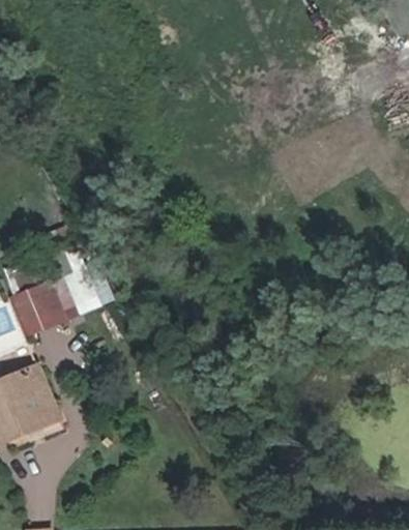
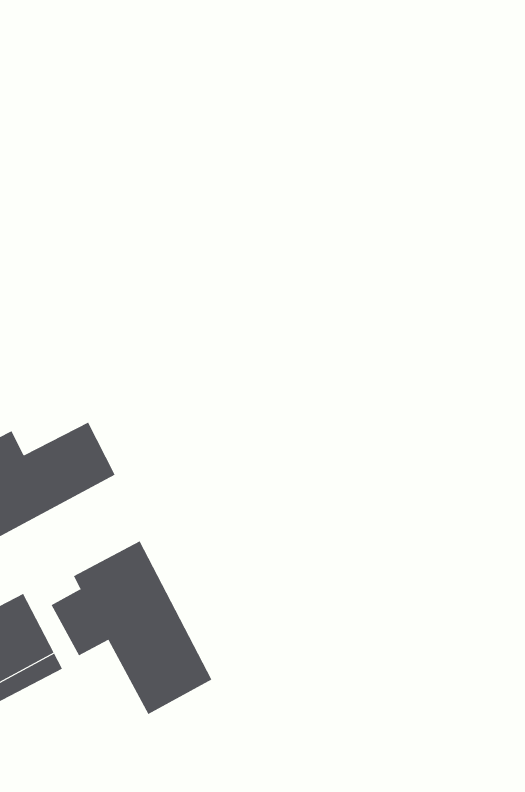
building: none -> [51,541,212,715]

